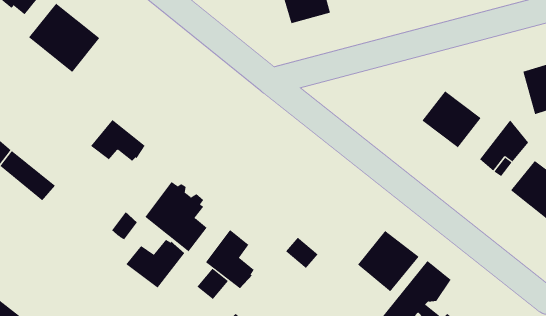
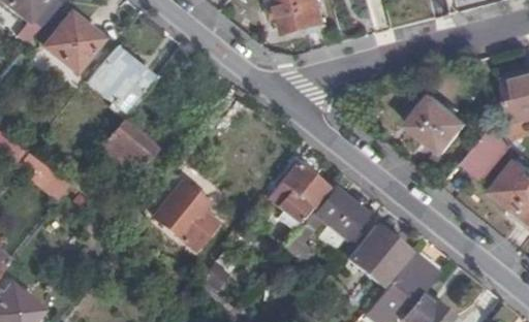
building: none -> [85,49,150,112]
building: none -> [269,165,324,222]
building: none -> [316,189,364,245]
building: [205,229,254,289] -> none
building: [125,239,185,288] -> none

